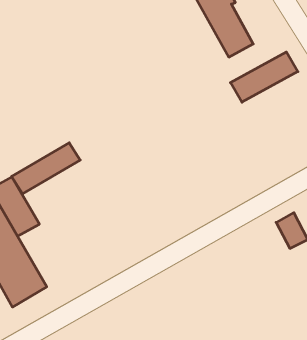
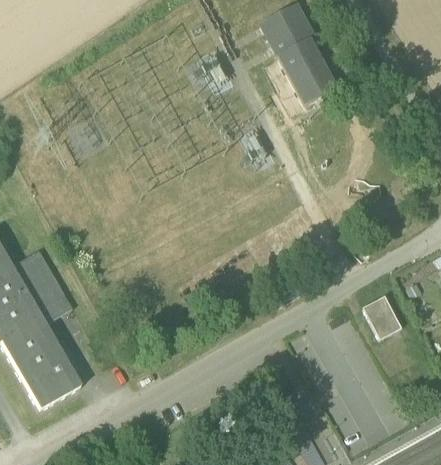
building: [230,52,298,102] -> none
building: [12,143,80,194] -> none

